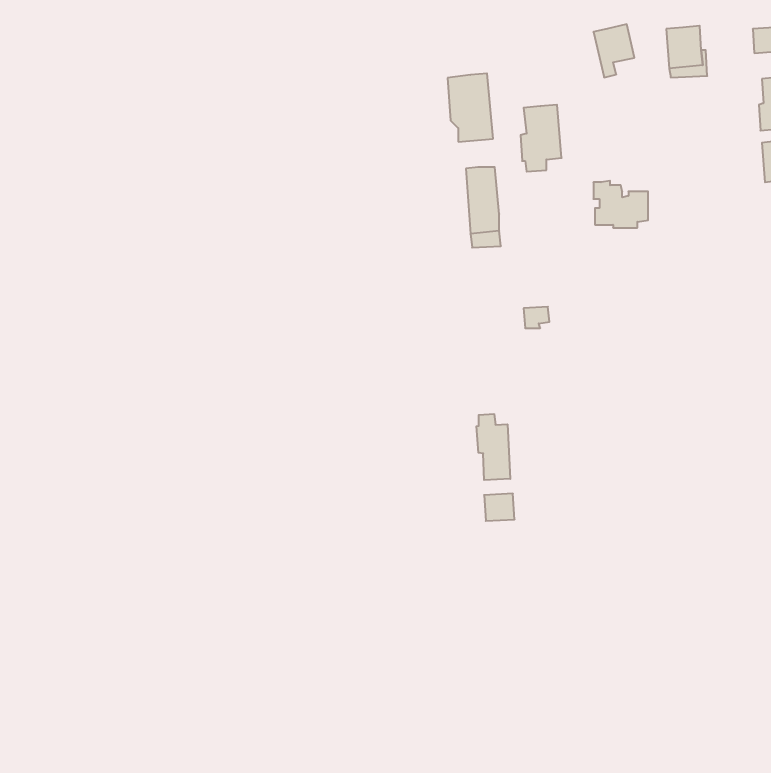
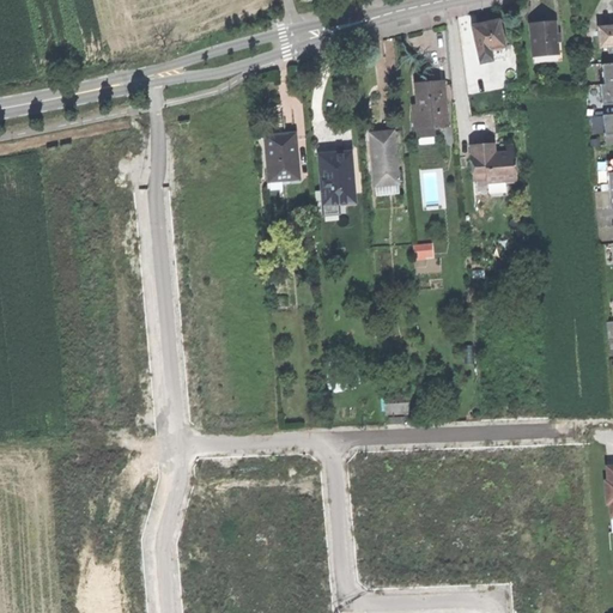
building: [448,73,493,142] -> [320,151,356,205]
building: none -> [266,134,299,181]
building: [476,414,510,480] -> none

